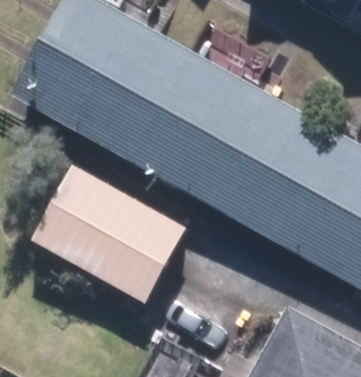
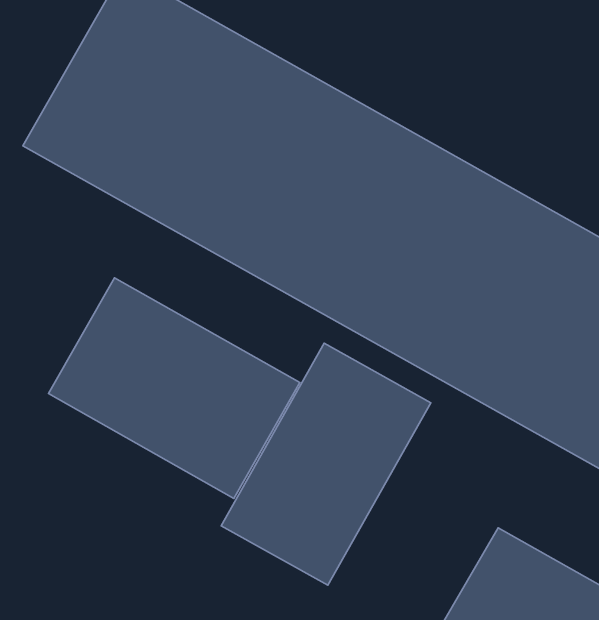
building: none -> [221,343,431,585]

